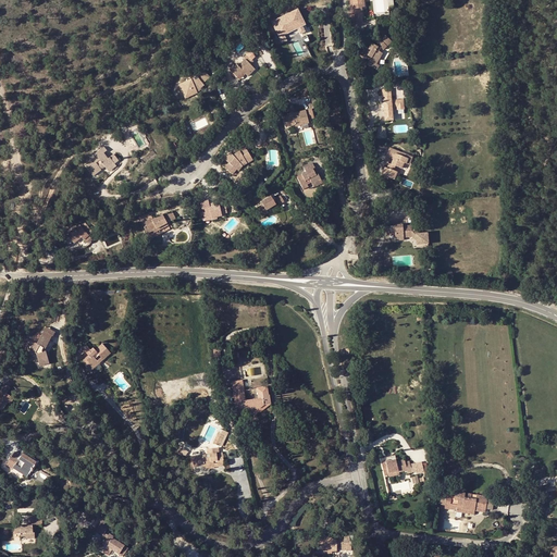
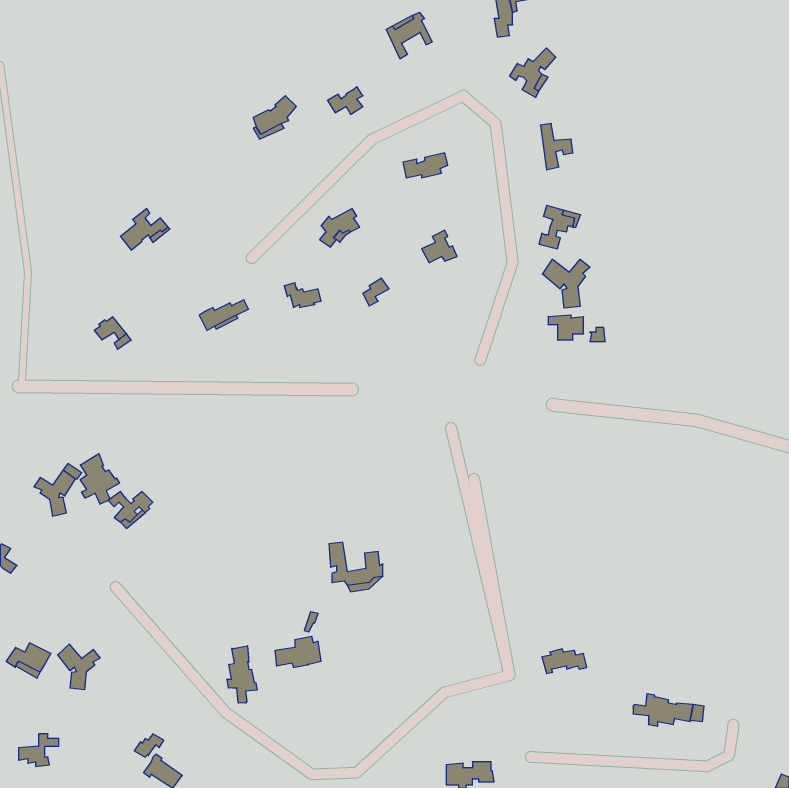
building: none -> [542,259,590,308]
building: none -> [80,454,120,504]
building: none -> [58,644,100,690]
building: none -> [227,646,257,703]

